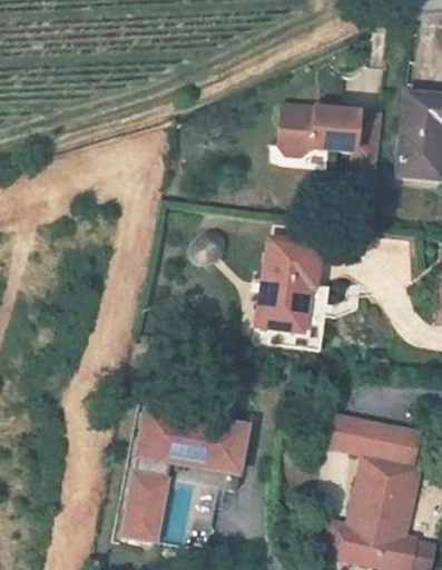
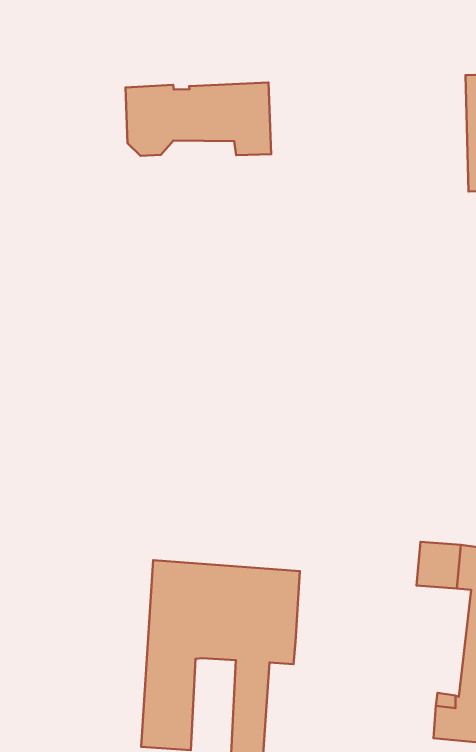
building: [278,106,382,165] -> [126,83,271,156]
building: [259,239,321,330] -> none

